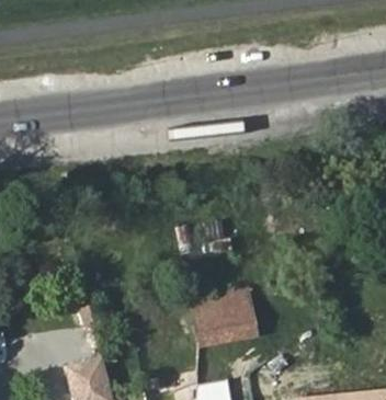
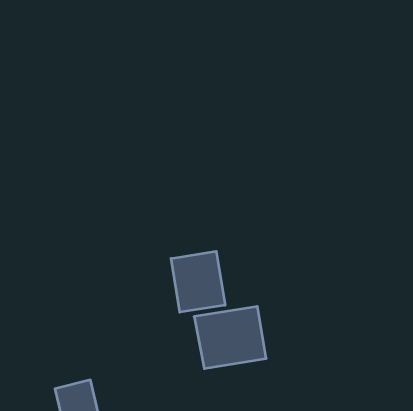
building: none -> [171,251,225,312]

